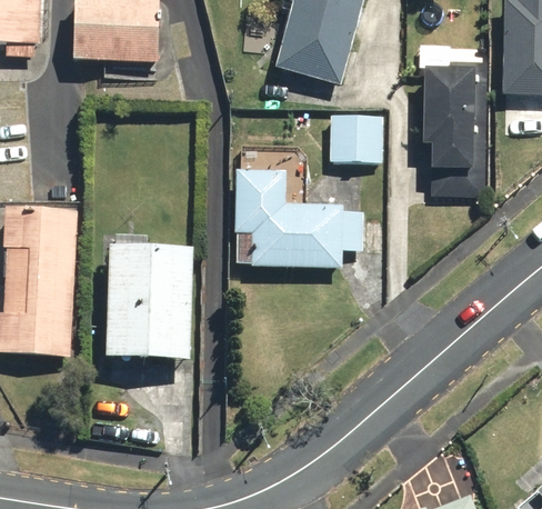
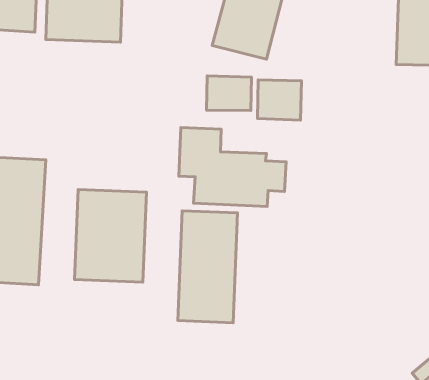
building: [421,40,490,193] -> none
building: none -> [206,76,252,111]
building: none -> [178,211,237,323]

